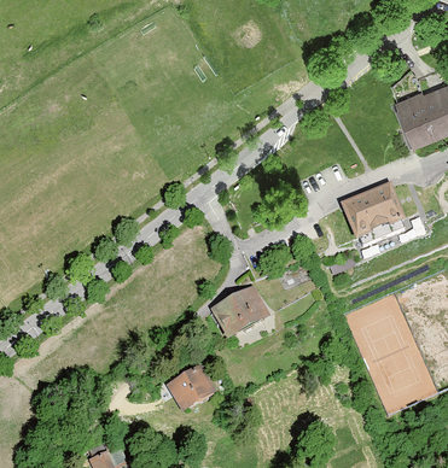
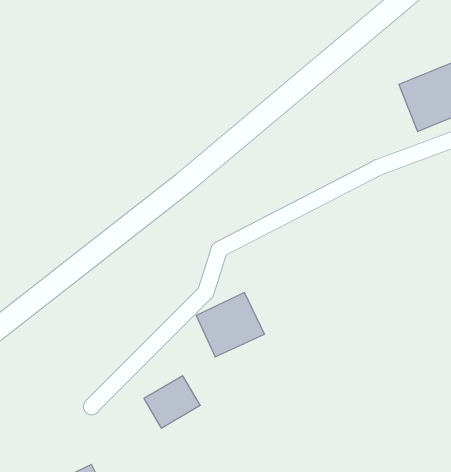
building: [339,183,406,241] -> none

